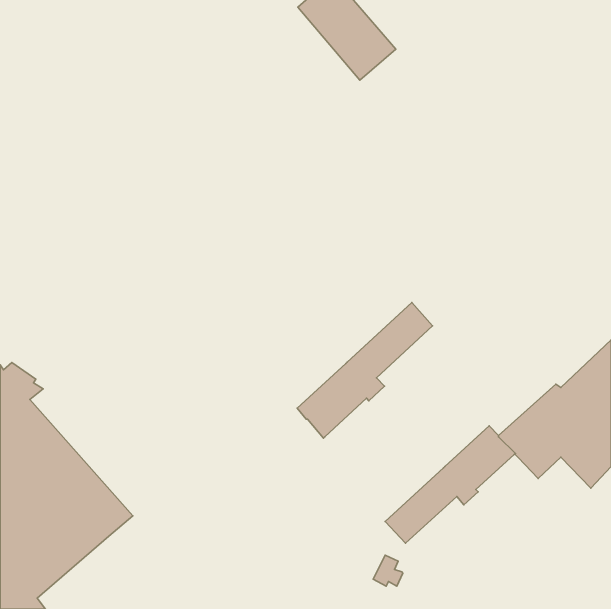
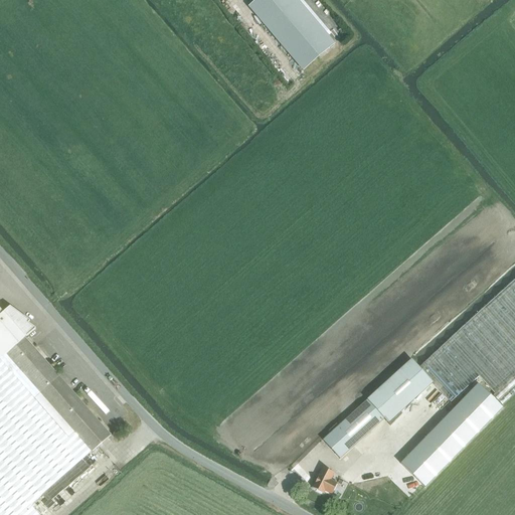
building: [297,303,432,438] -> none
building: none -> [388,392,492,491]

